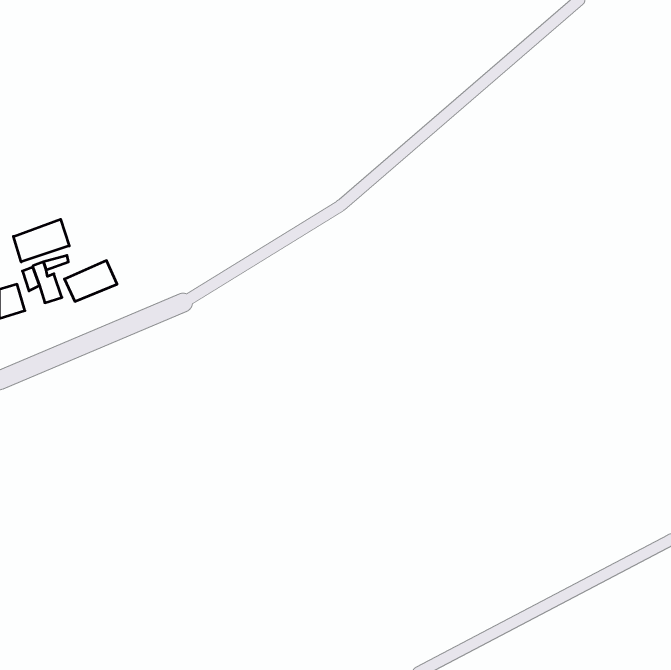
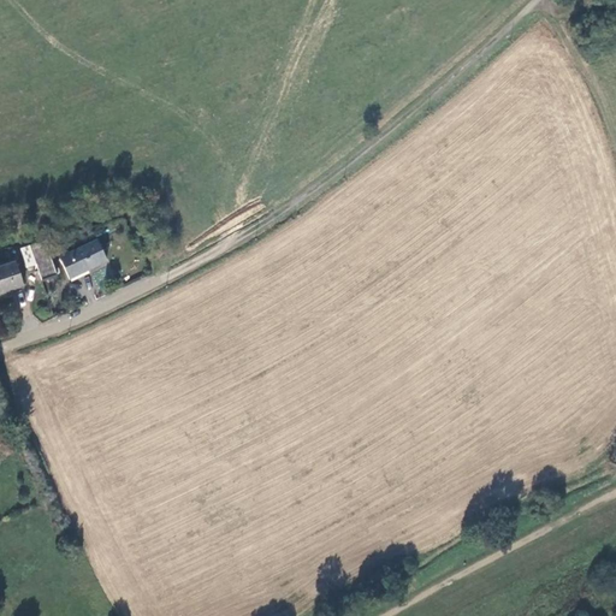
building: [13,219,69,262] -> none

